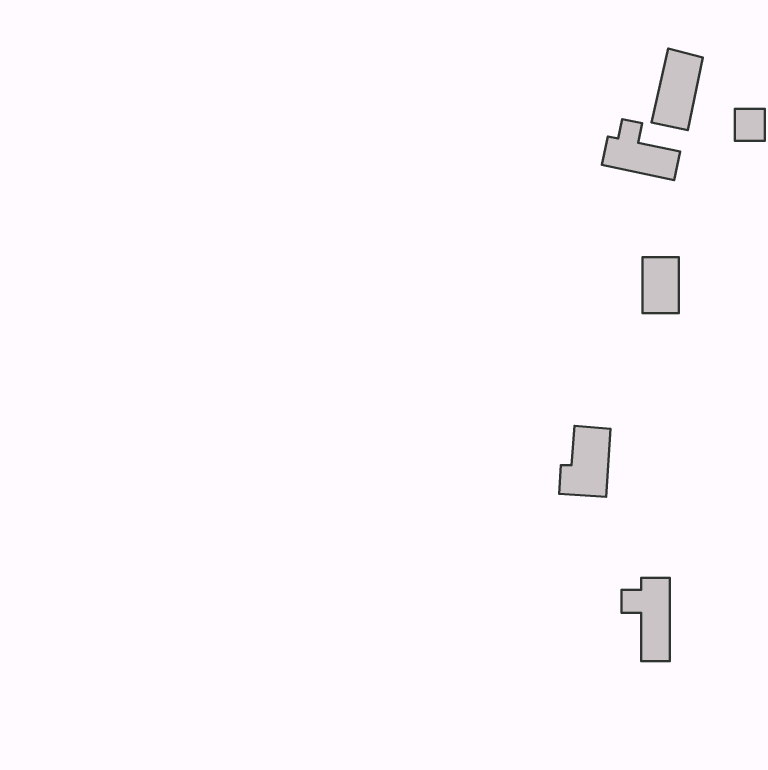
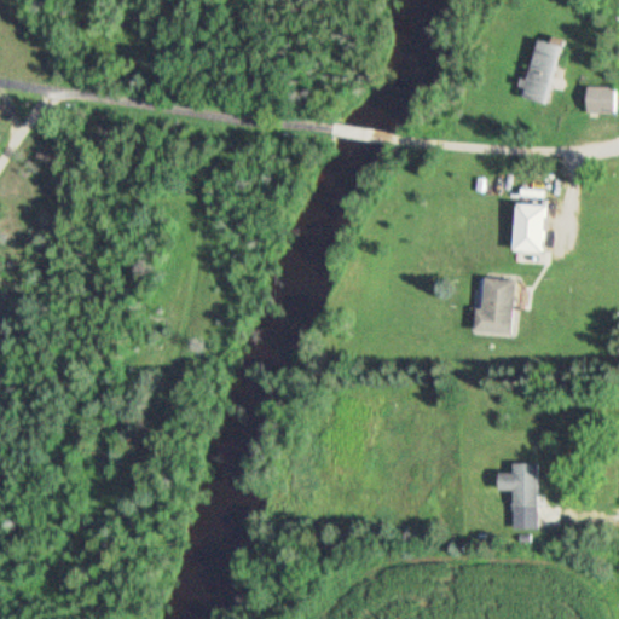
building: [602,119,680,180] -> none
building: [559,426,611,497] -> [473,277,514,334]

